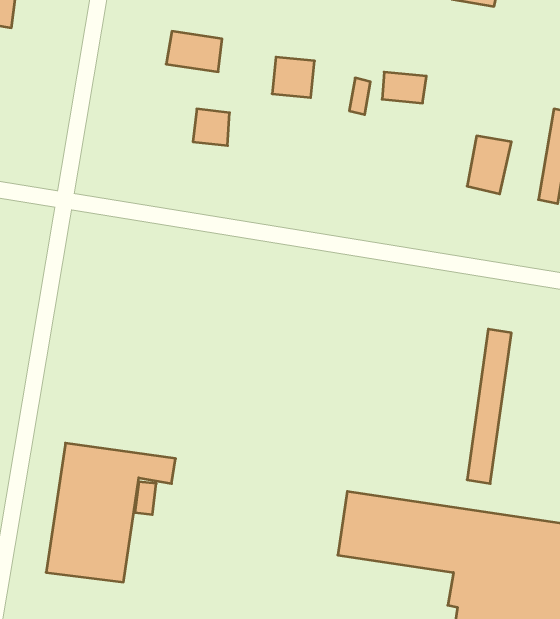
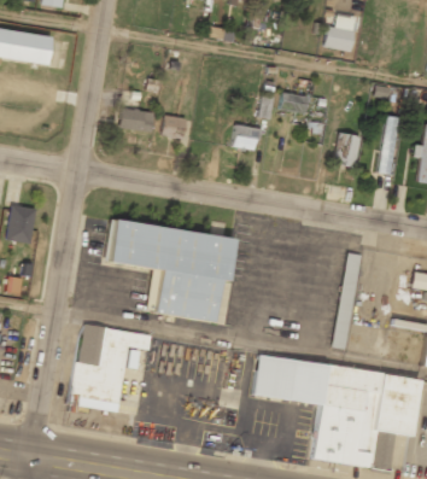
building: [166,31,222,72] -> [118,106,153,132]
building: [272,57,315,98] -> [232,124,258,150]
building: none -> [105,221,233,321]

